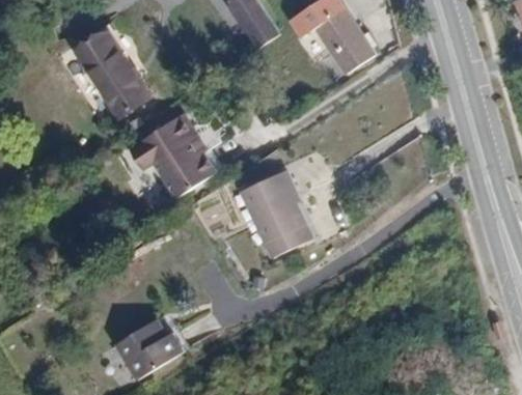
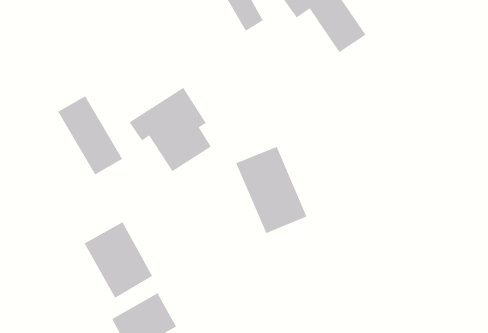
building: [71,35,138,117] -> [57,95,123,176]
building: none -> [83,221,153,299]

